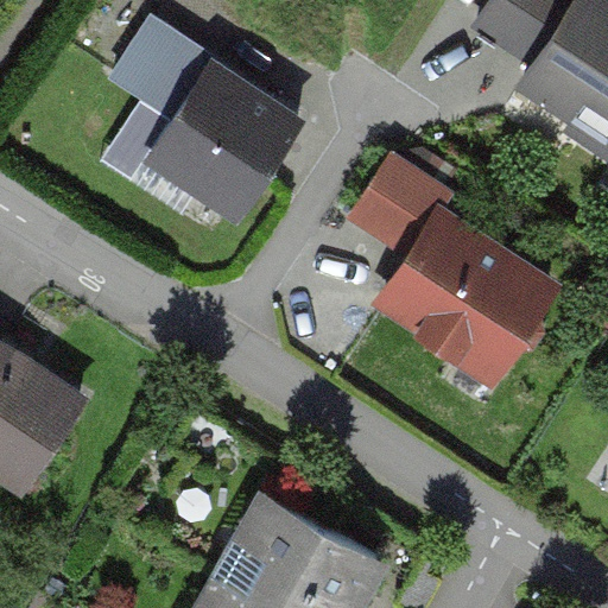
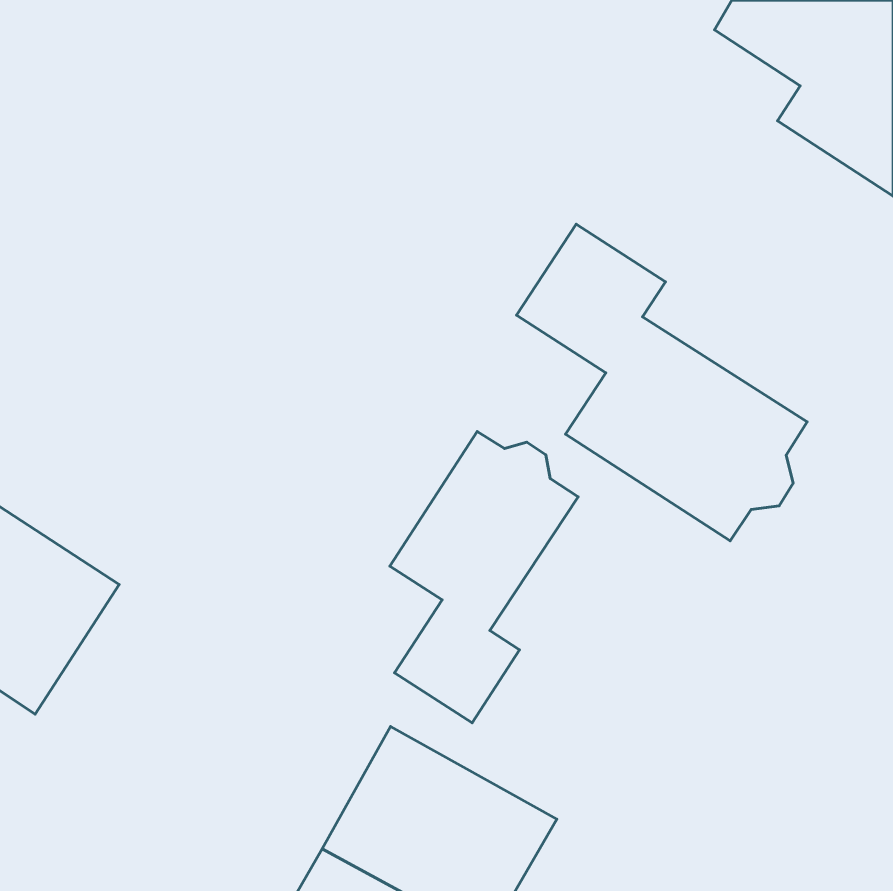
building: [115,27,298,211] -> none
building: none -> [390,431,578,723]

